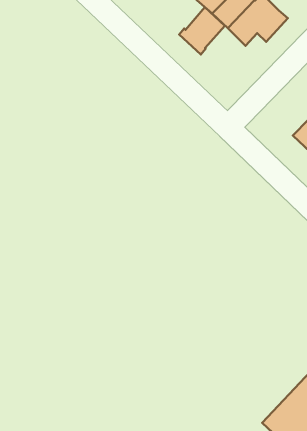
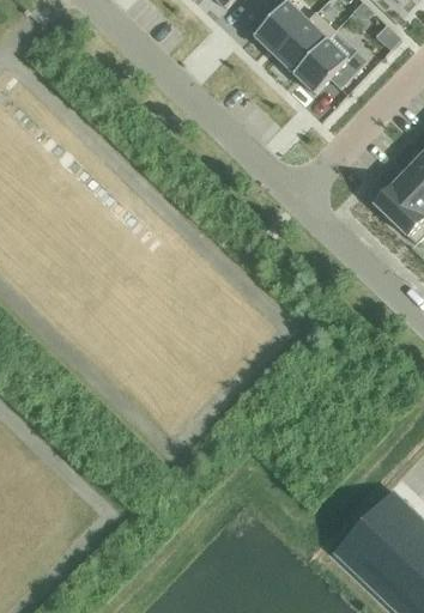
building: [179,7,225,55] -> none

